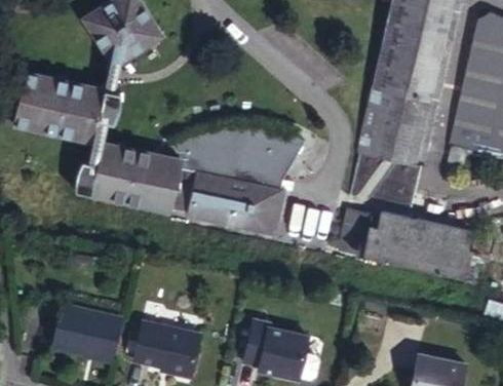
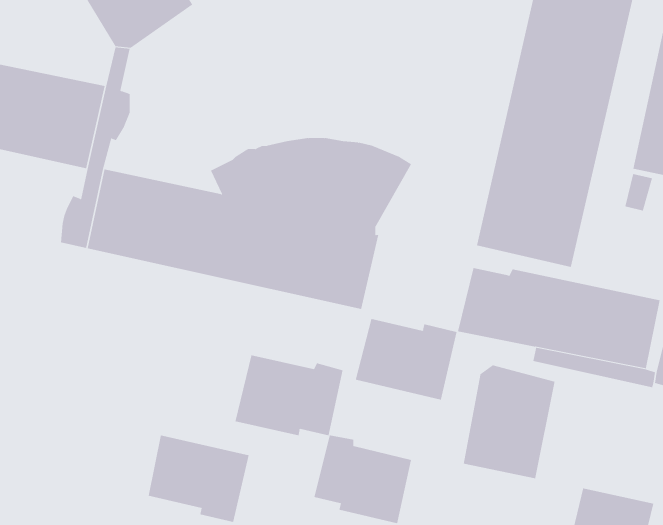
building: none -> [355,318,457,401]
building: none -> [235,354,343,436]
building: none -> [463,364,555,479]
building: [50,303,122,360] -> none

